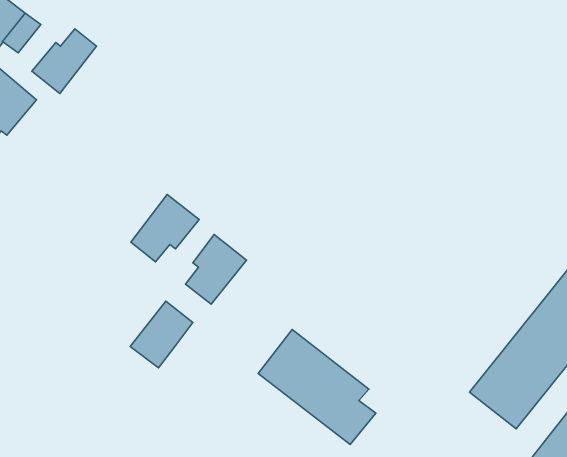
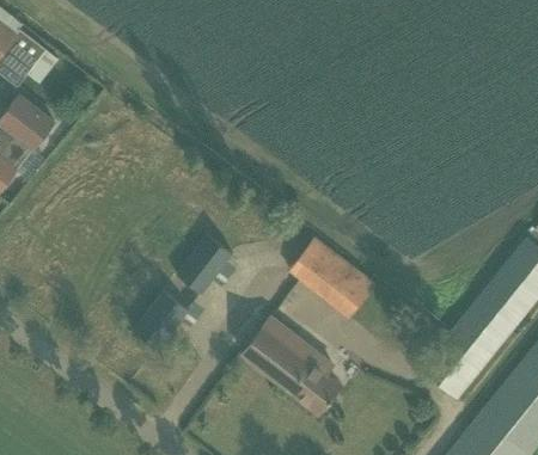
building: [32,29,97,93] -> none
building: [131,194,199,262] -> none
building: none -> [282,230,372,318]

